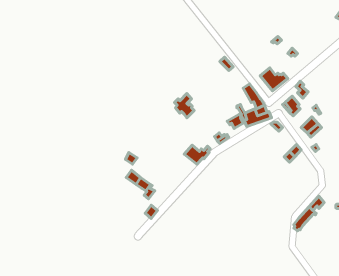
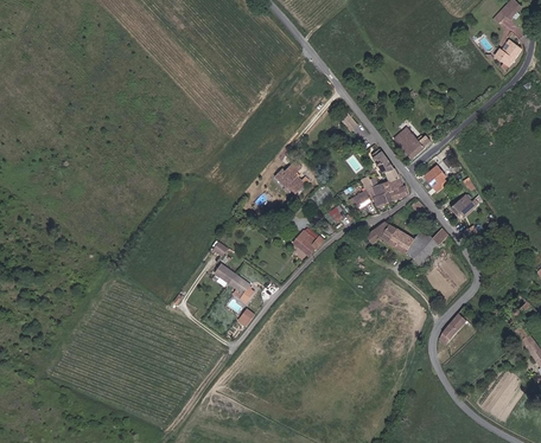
building: none -> [367,220,414,255]

